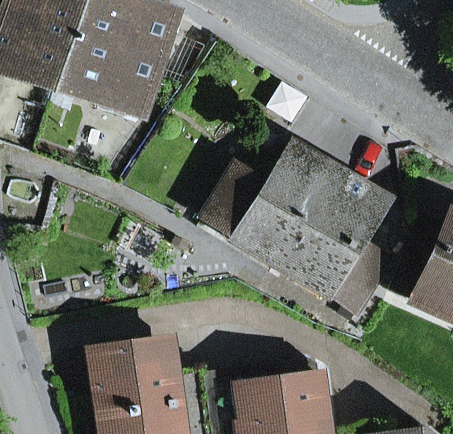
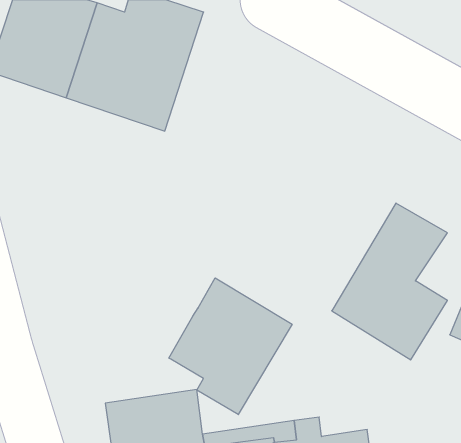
building: [198,148,349,273] -> none
building: none -> [169,278,292,415]

